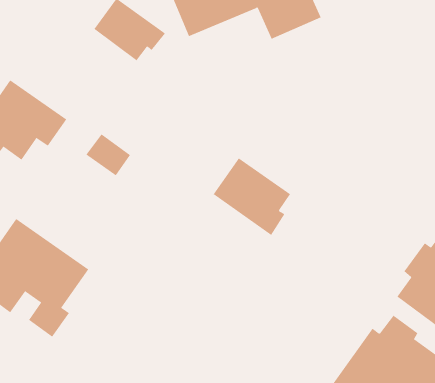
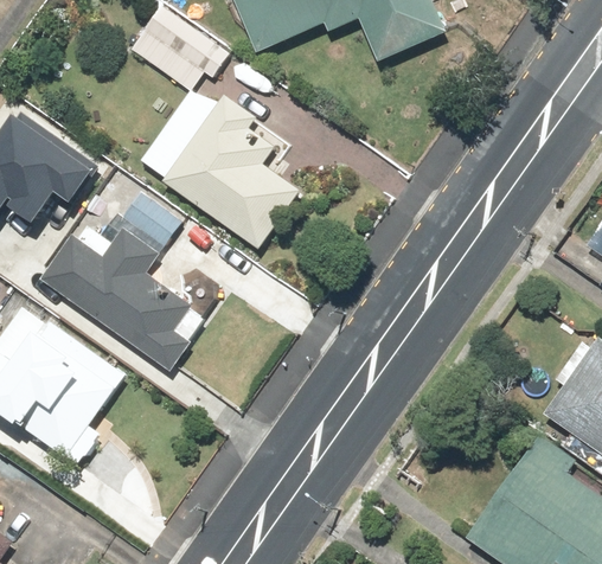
building: none -> [143,92,302,251]
building: none -> [43,222,209,371]
building: [213,158,291,236] -> none

